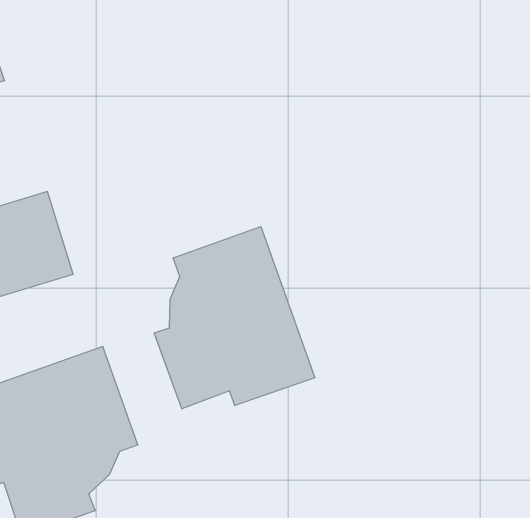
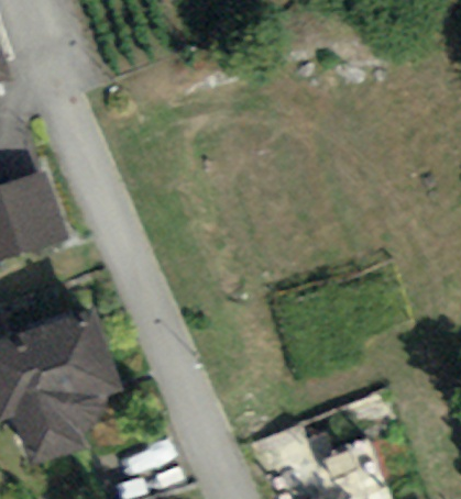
building: [154,227,315,409] -> none

